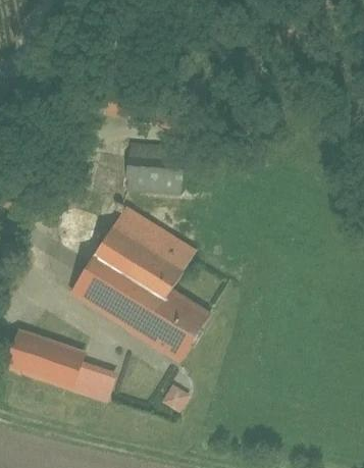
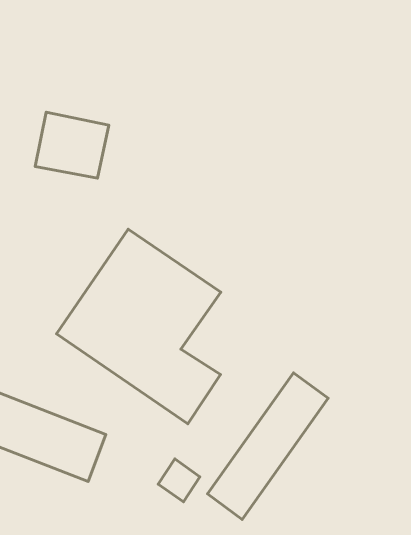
building: [126,141,179,188] -> [35,112,109,178]
building: none -> [207,373,328,519]

